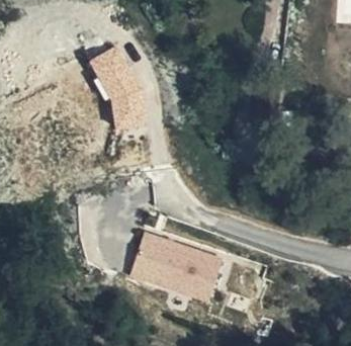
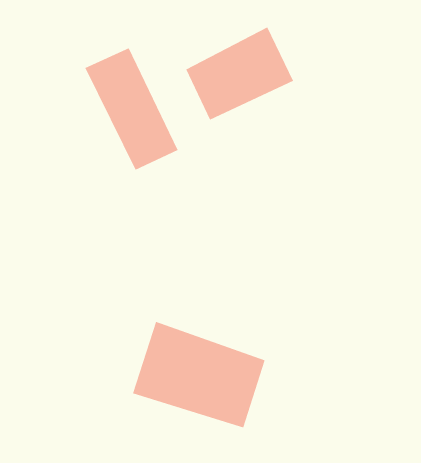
building: none -> [185,27,294,121]

